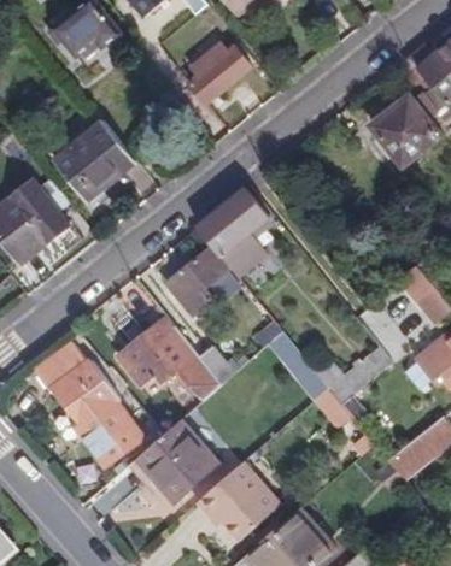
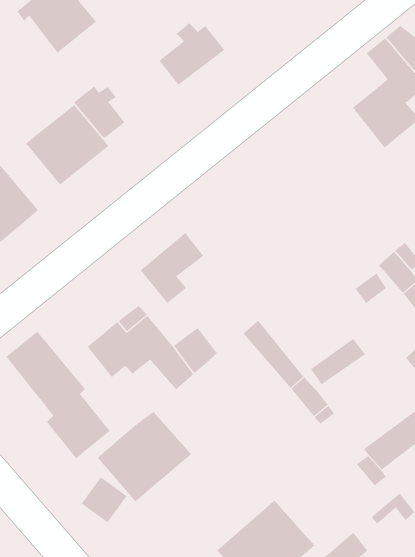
building: none -> [73,85,125,139]
building: [197,188,269,277] -> none
building: [198,459,280,537] -> none

